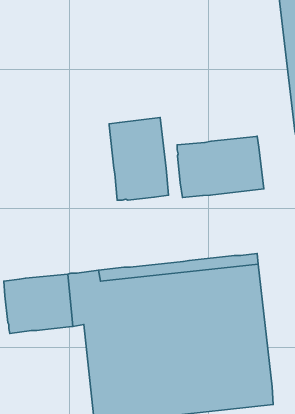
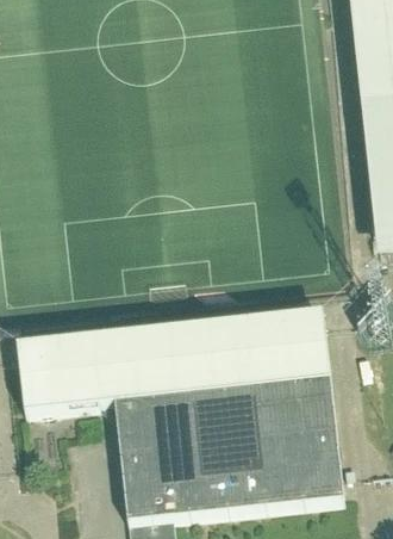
building: [109,117,169,200] -> none
building: [177,136,264,198] -> none

